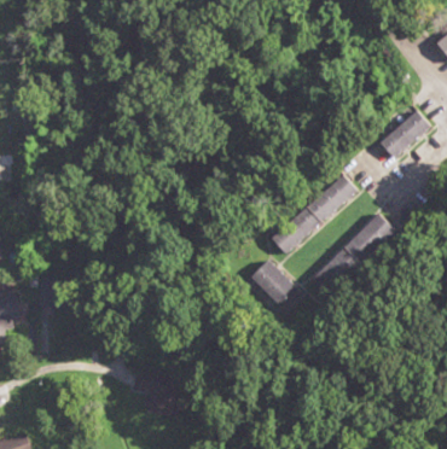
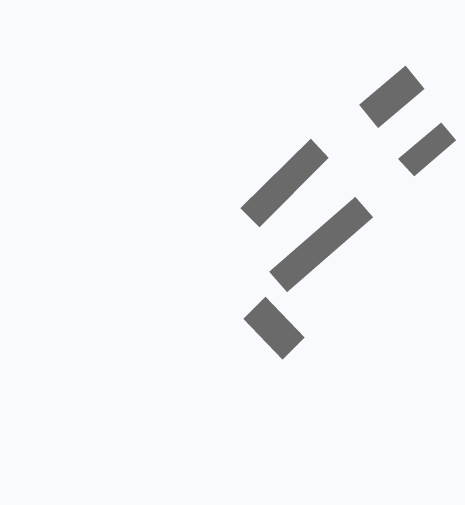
building: none -> [358,65,425,129]
building: [319,211,395,287] -> [239,138,330,228]

